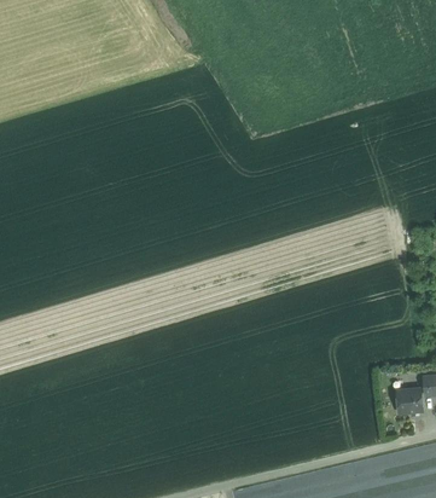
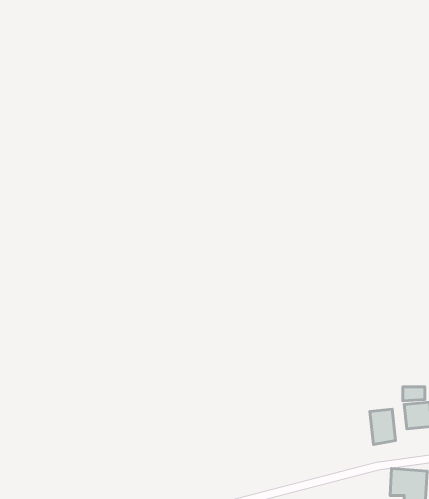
building: none -> [370,409,396,445]

